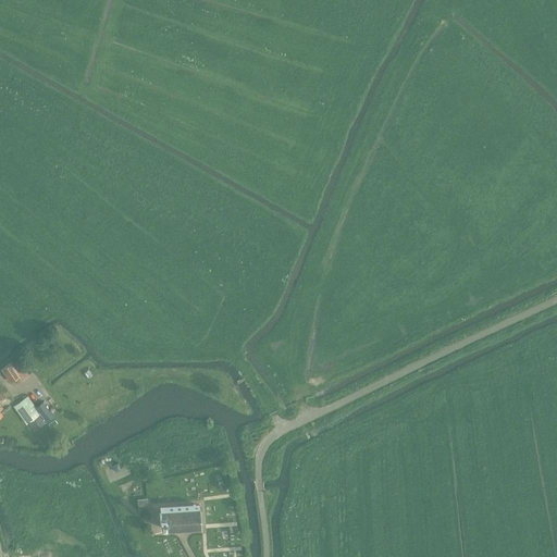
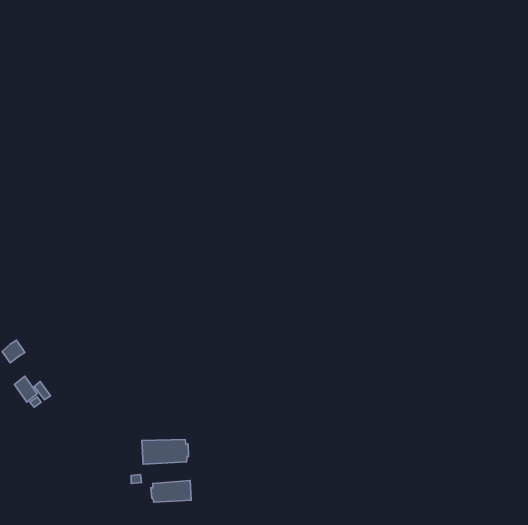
building: none -> [142,439,188,464]

